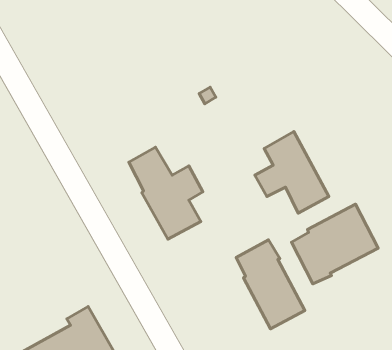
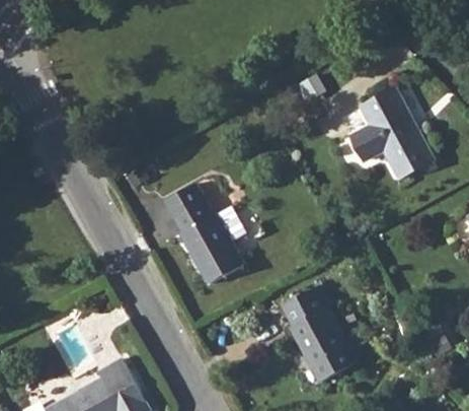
building: [255,132,329,213] -> [350,88,432,178]
building: [292,204,378,284] -> none

